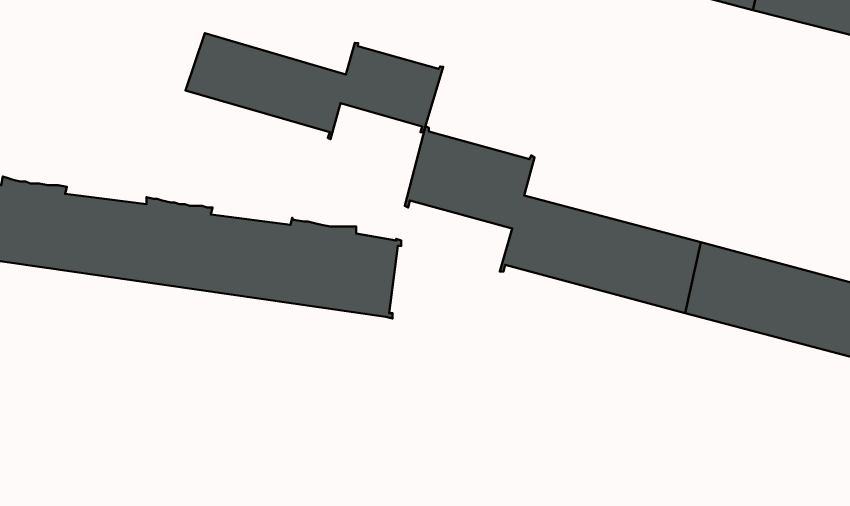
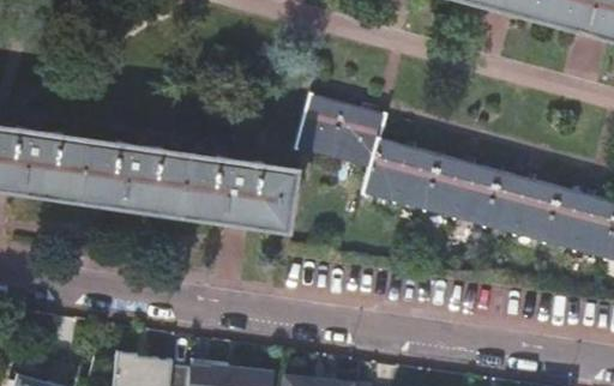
building: [185,33,443,139] -> none

